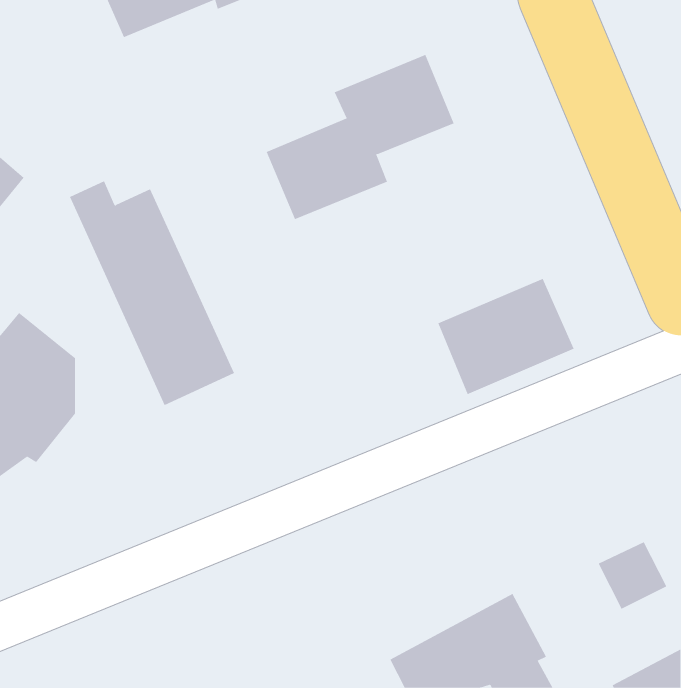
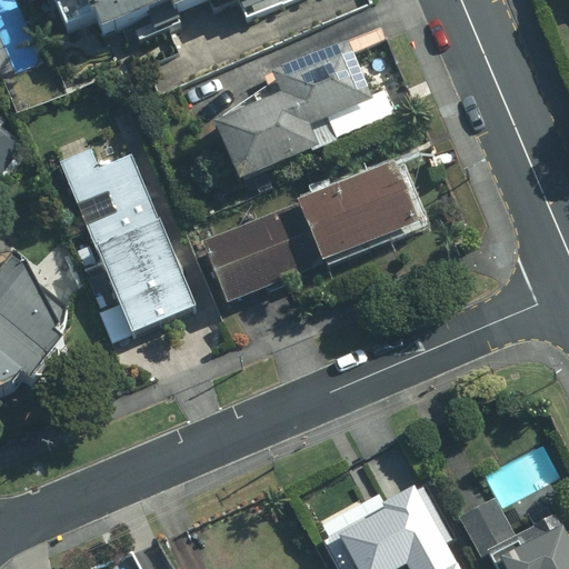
building: none -> [202,203,319,301]
building: [437,278,574,395] -> [306,163,418,259]
building: [598,542,667,610] -> [453,497,510,552]

